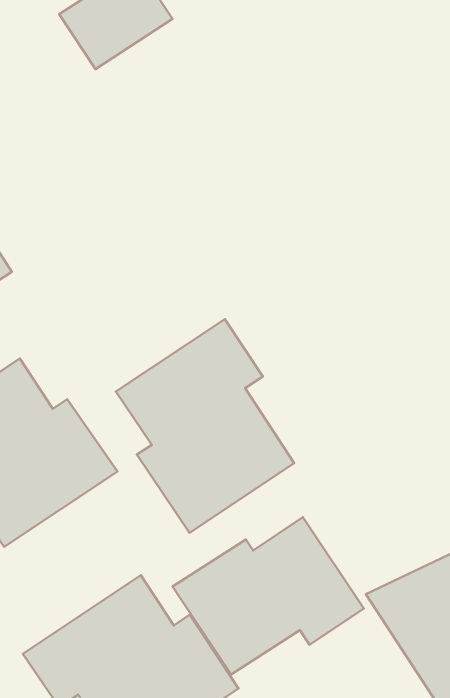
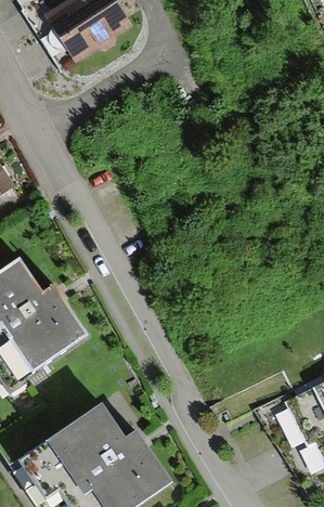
building: [116,319,294,533] -> none
building: [173,517,364,674] -> none

